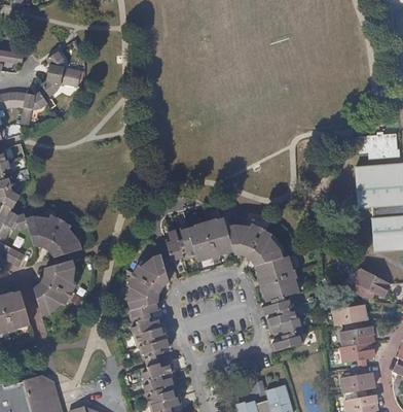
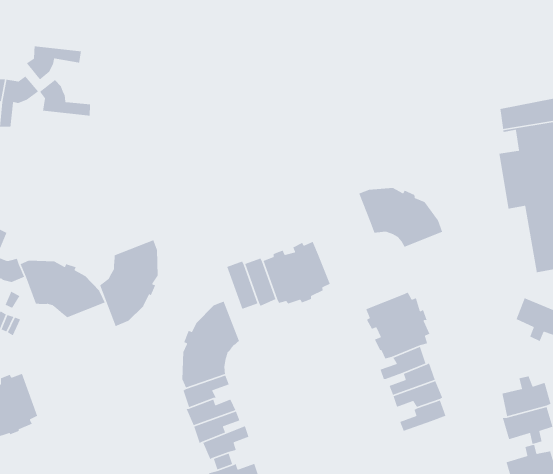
building: [47,52,81,78] -> [39,79,91,116]
building: [227,226,282,267] -> [358,187,443,248]
building: [34,260,75,316] -> [99,239,159,327]
building: [333,299,367,324] -> none

